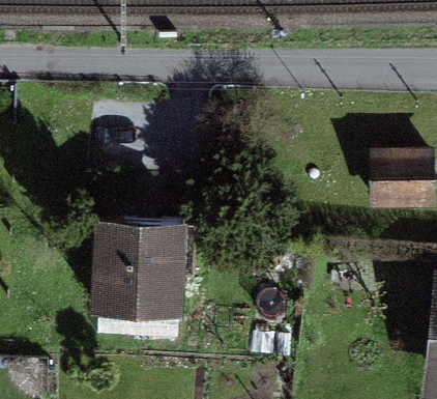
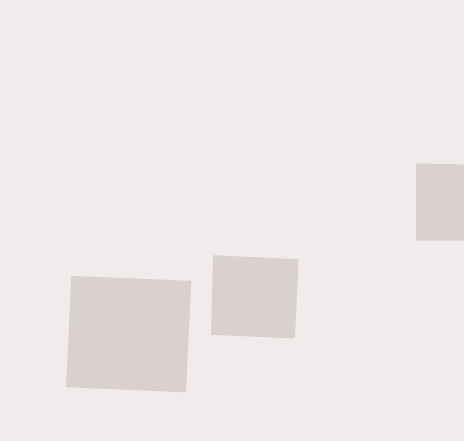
building: none -> [211,255,299,339]

